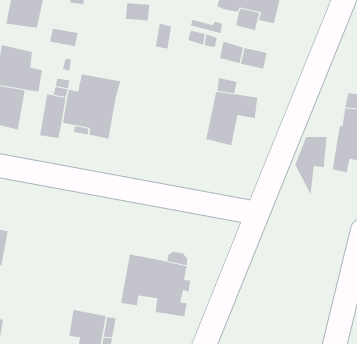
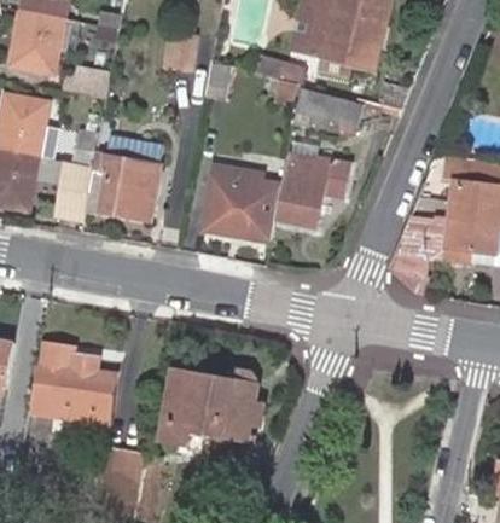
building: none -> [203,163,278,242]
building: none -> [33,339,115,422]

